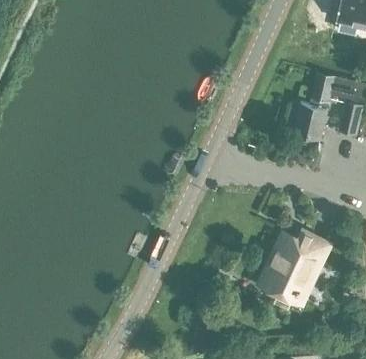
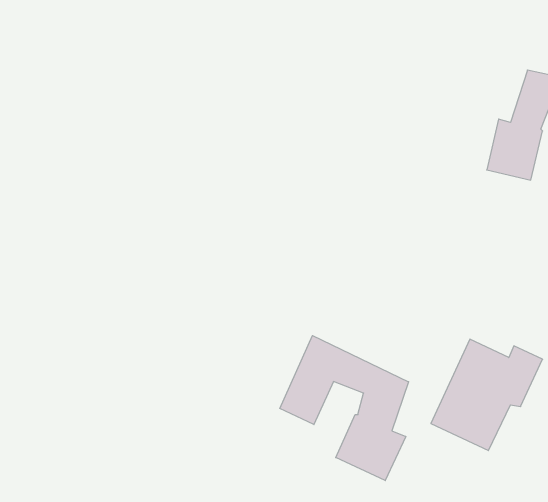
building: none -> [280,336,409,481]

